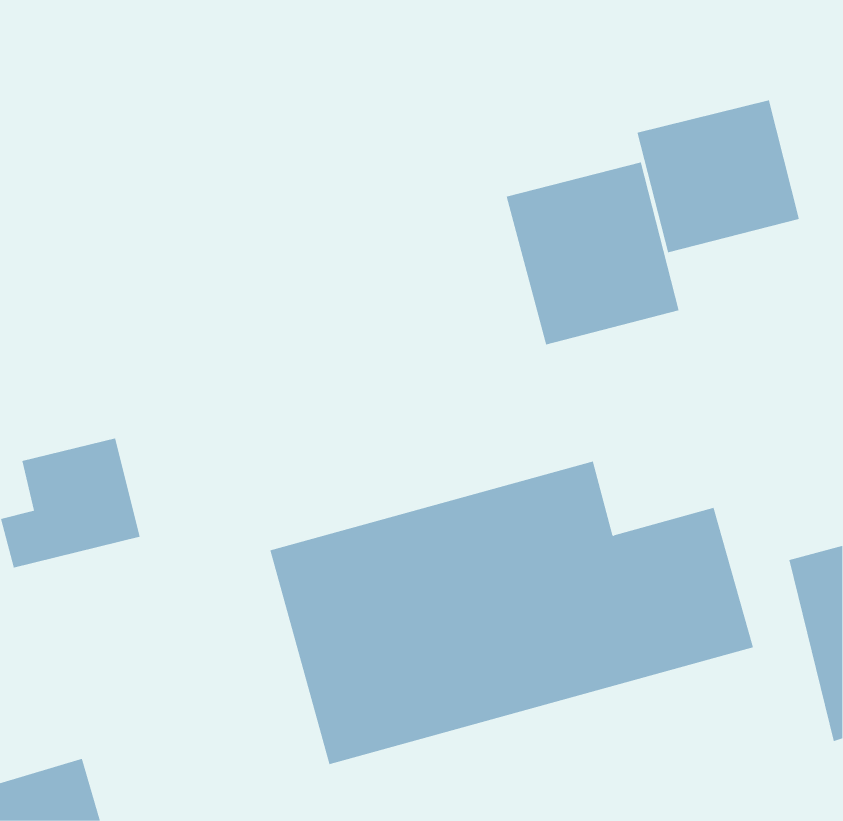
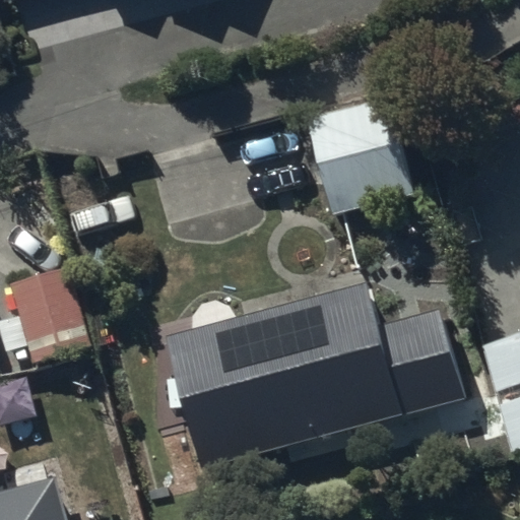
building: [637,100,800,253] -> none

